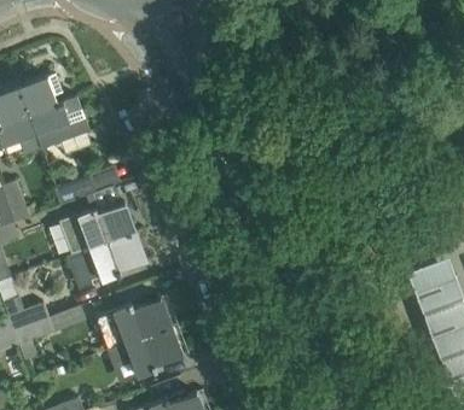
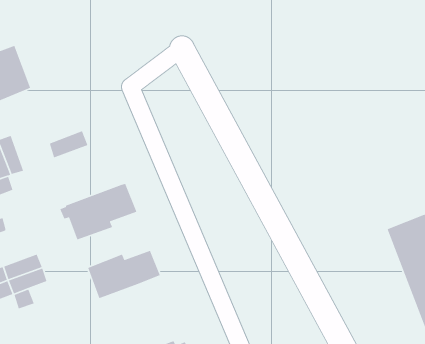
building: [21,75,91,150] -> none
building: [60,203,135,253] -> none
building: [108,326,182,377] -> none

